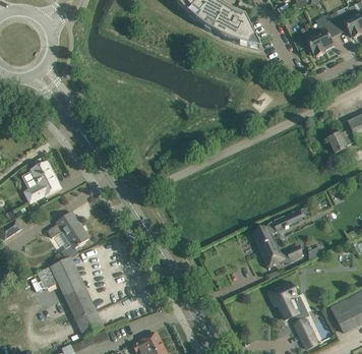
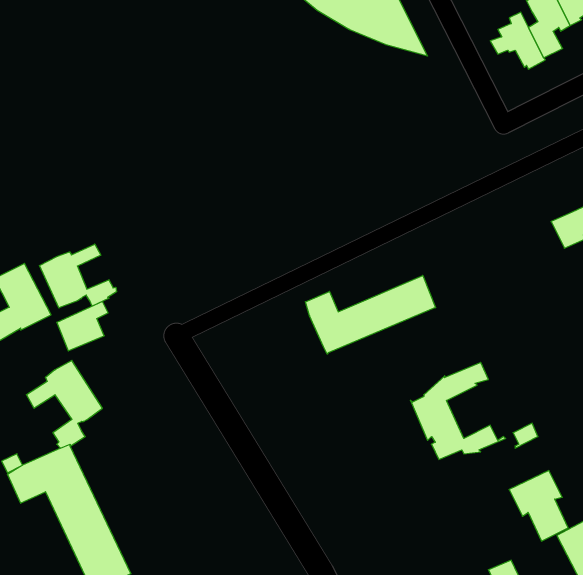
building: none -> [40,244,116,308]
building: none -> [305,275,436,354]
building: [266,281,298,318] -> [509,471,568,541]

